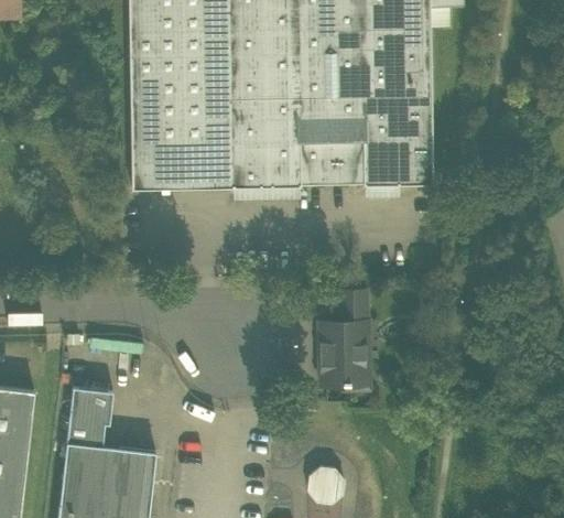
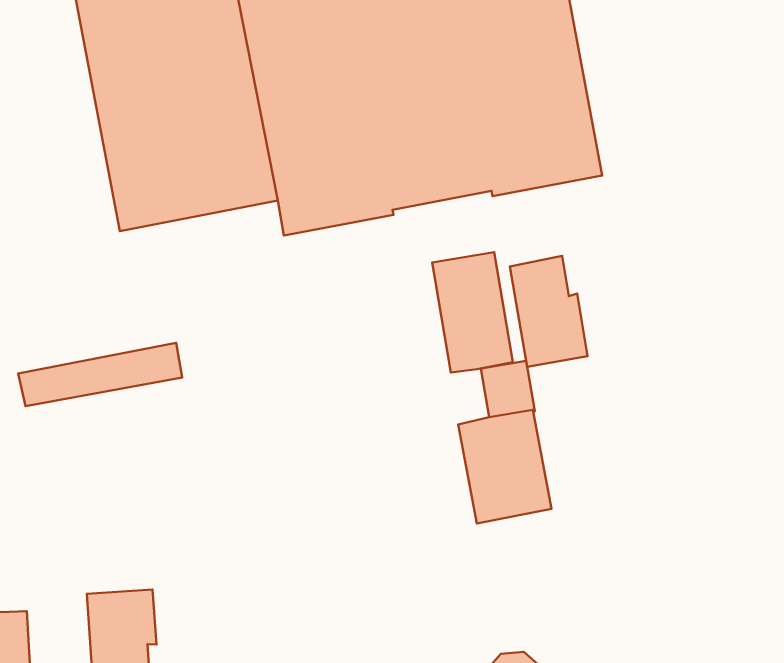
building: [130,164,230,187] -> [18,343,182,406]
building: none -> [432,252,513,372]
building: none -> [510,256,588,367]

